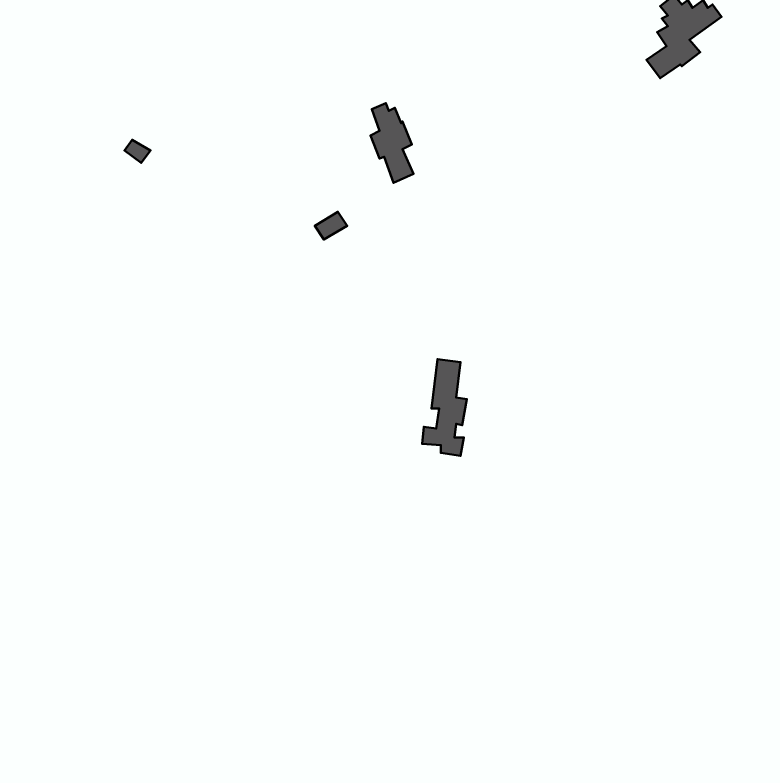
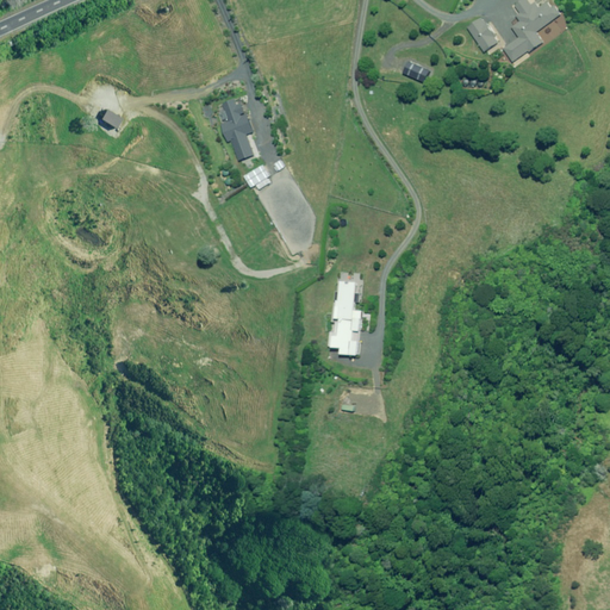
building: none -> [466,17,498,50]
building: [370,103,413,183] -> [220,98,254,160]

